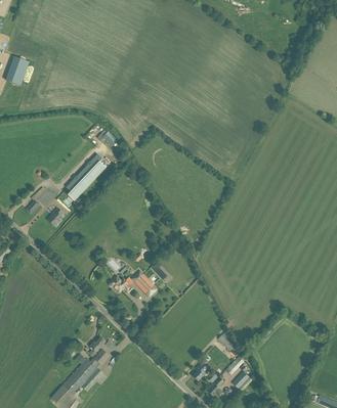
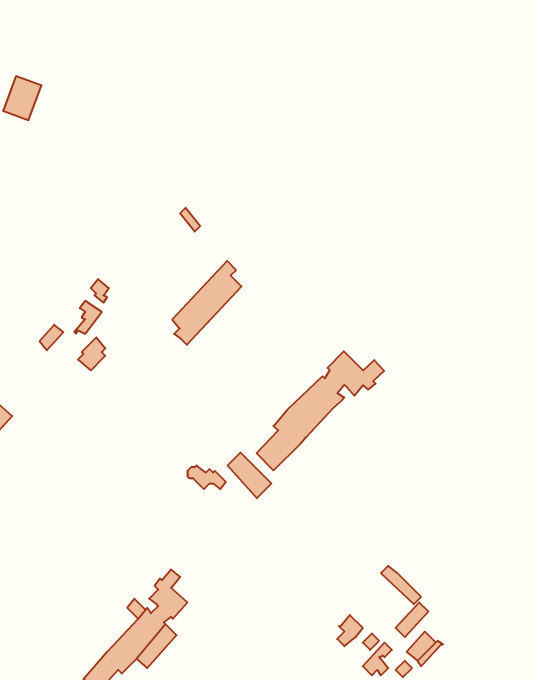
building: [66,153,104,200] -> [172,261,242,345]
building: none -> [257,351,384,470]

